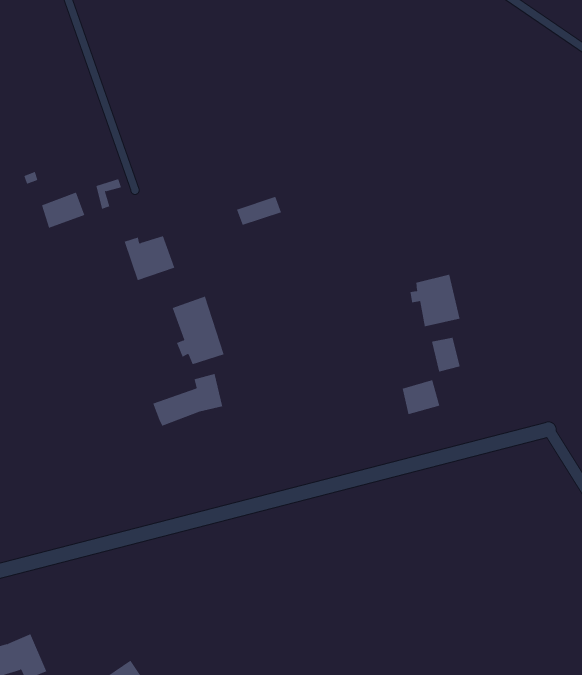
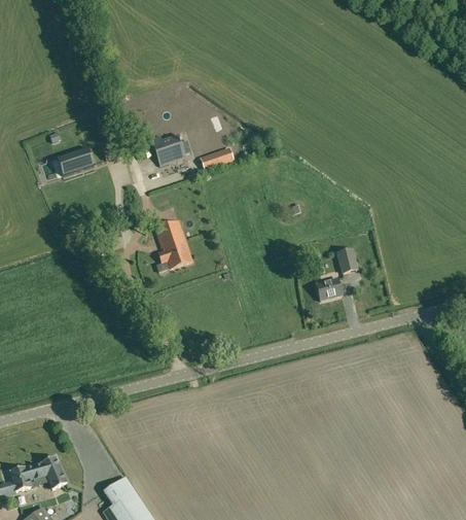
building: [124,236,175,281] -> [150,135,186,167]
building: [410,274,460,327] -> none
building: [152,373,223,426] -> none

